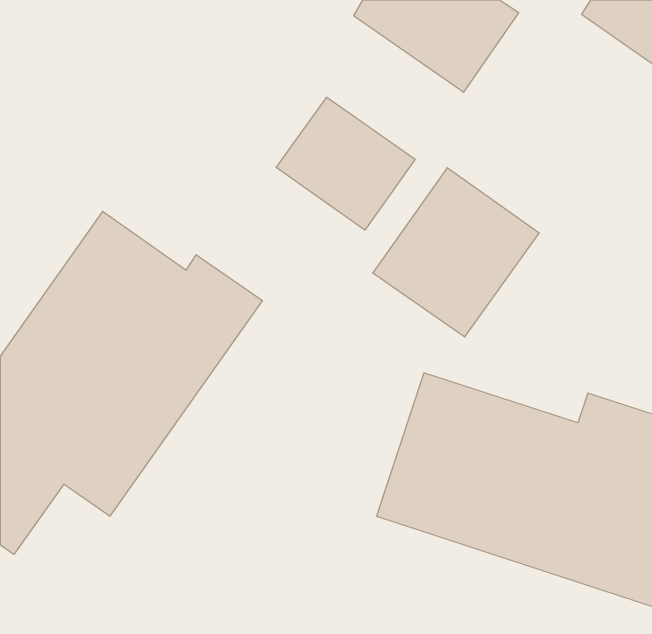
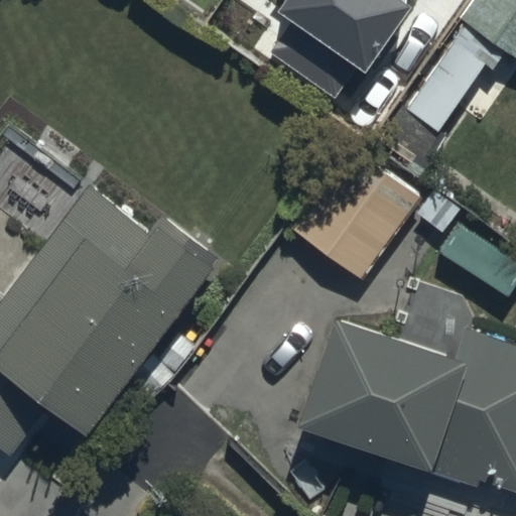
building: [276,97,415,230] -> none

